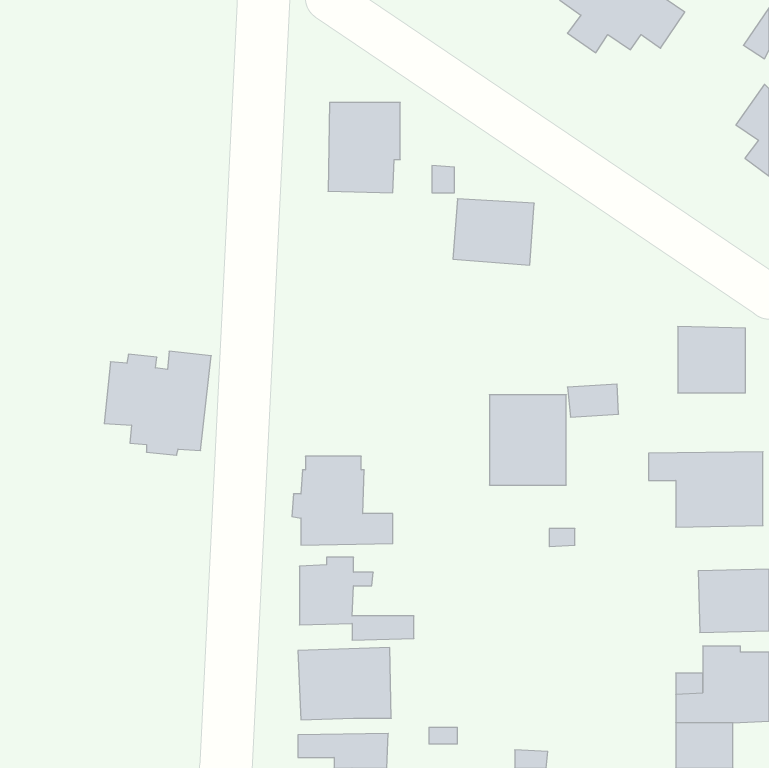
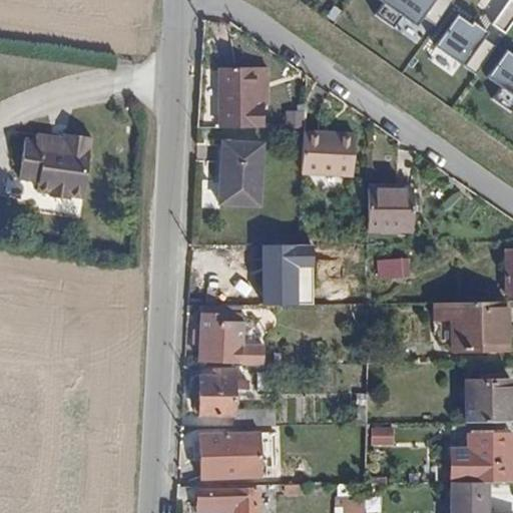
building: none -> [440,22,502,79]
building: none -> [218,141,264,204]
building: [678,327,745,393] -> [368,185,413,229]
building: [104,351,211,455] -> [21,129,92,198]
building: [489,395,566,485] -> [263,243,314,304]

